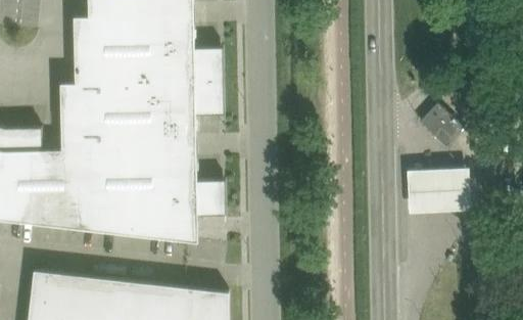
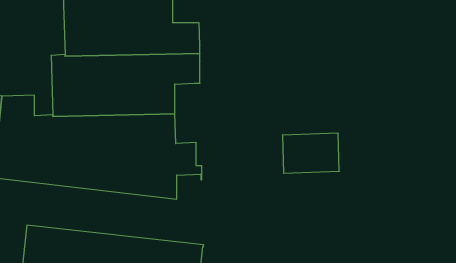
building: [419,105,463,149] -> none
building: [406,166,468,210] -> [282,133,339,173]

